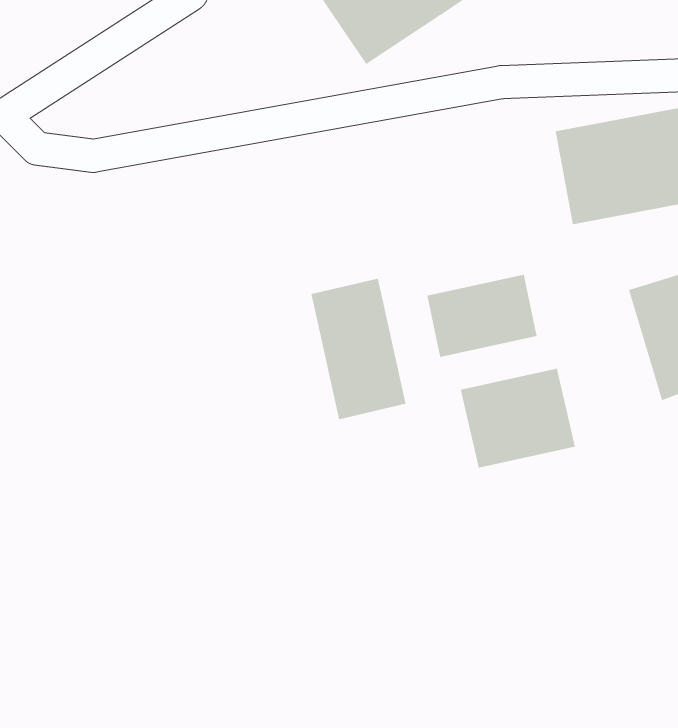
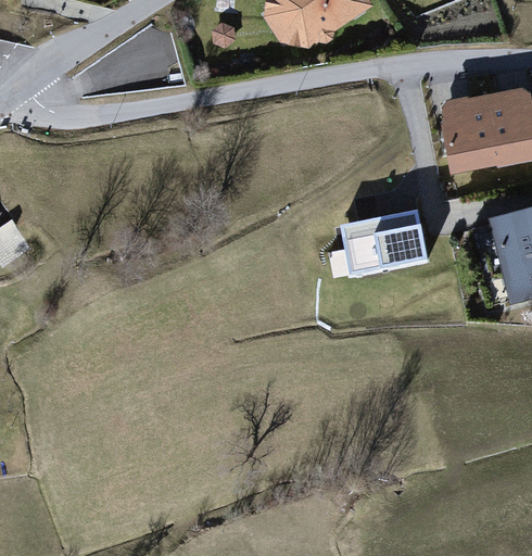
building: [311,278,406,420] -> none
building: [460,368,575,469] -> none

